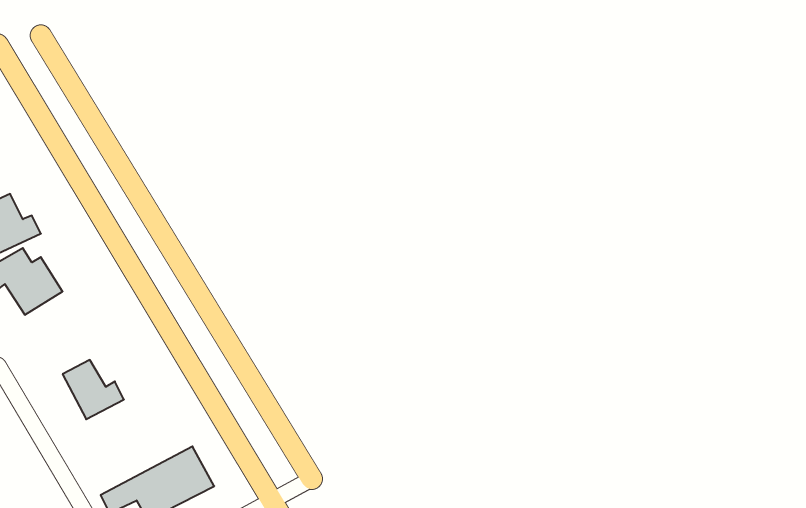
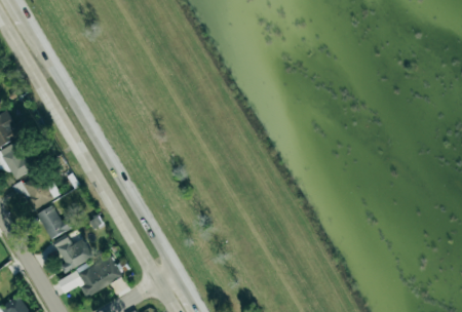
building: none -> [13,172,56,211]
building: none -> [52,235,93,271]

